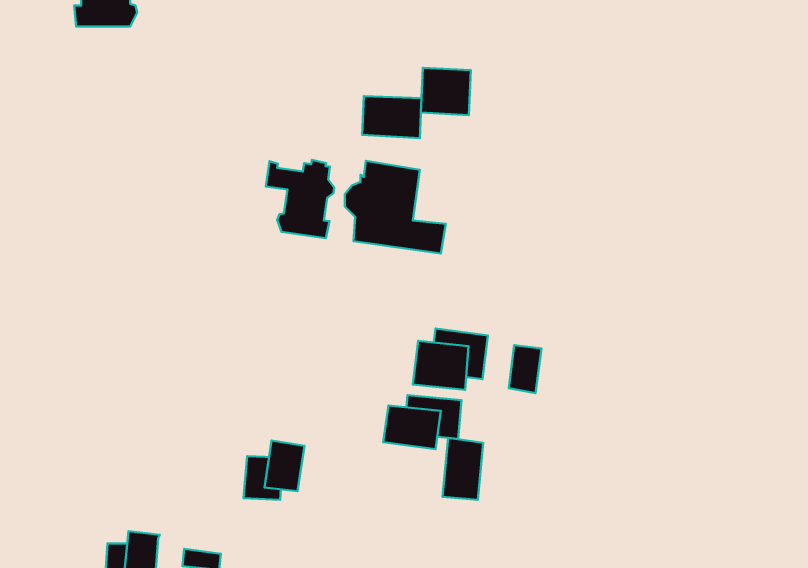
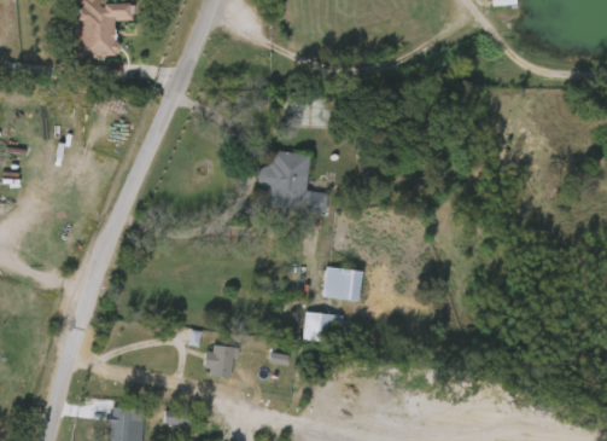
building: [421,68,471,115] -> none
building: [266,160,334,238] -> none
building: [509,345,542,393] -> none
building: [443,438,483,500] -> none

